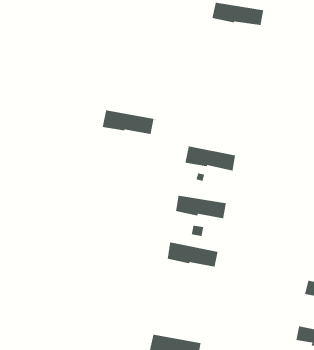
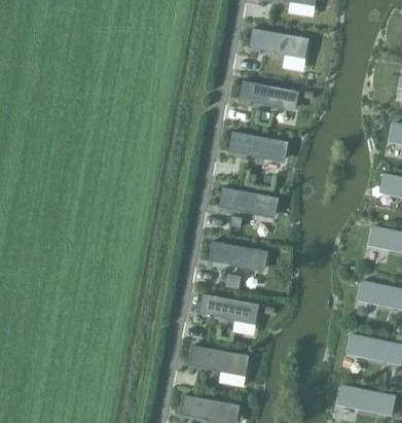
building: none -> [239,81,299,109]
building: [102,110,157,135] -> [228,132,289,160]
building: none -> [189,346,250,374]

